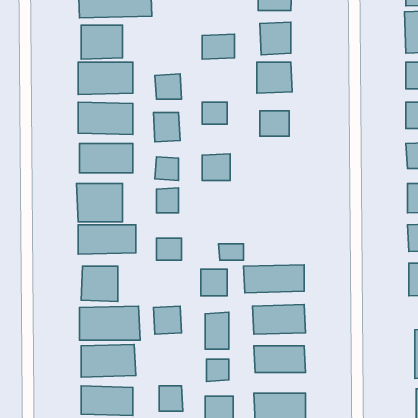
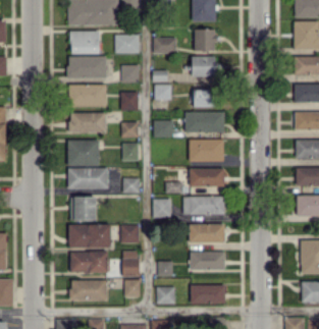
building: none -> [115,34,140,53]
building: none -> [184,111,224,132]
building: none -> [189,139,224,162]
building: none -> [190,168,224,186]
building: [205,312,229,349] -> [122,251,139,276]

